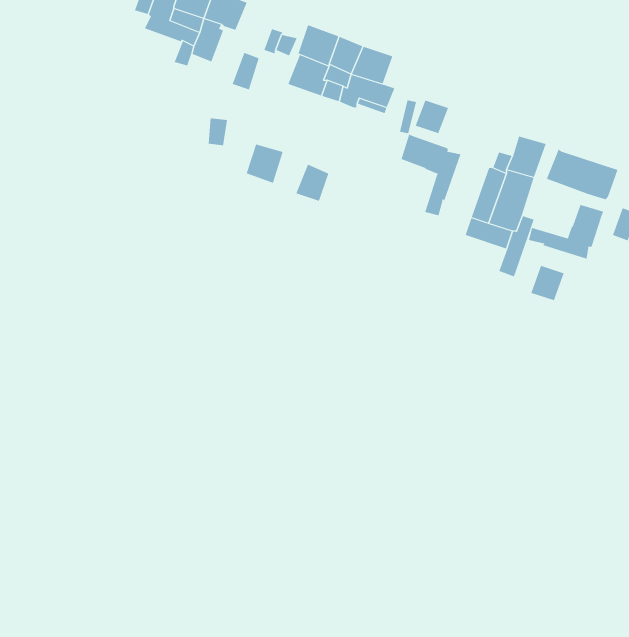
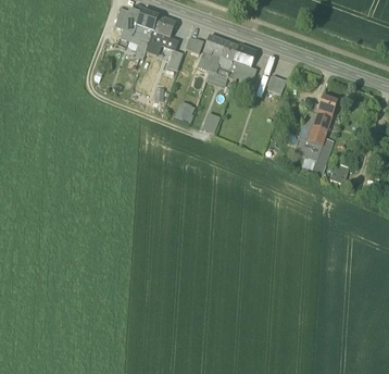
building: [401,134,461,216] -> none
building: [546,149,618,200] -> none
building: [529,204,604,260] -> none

